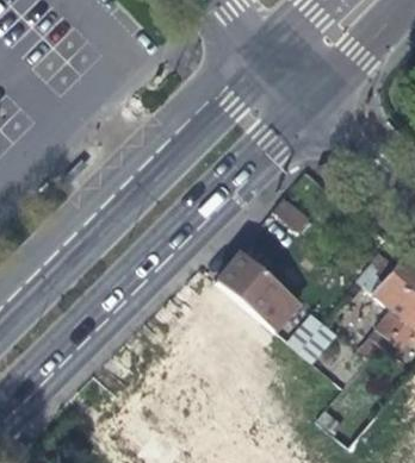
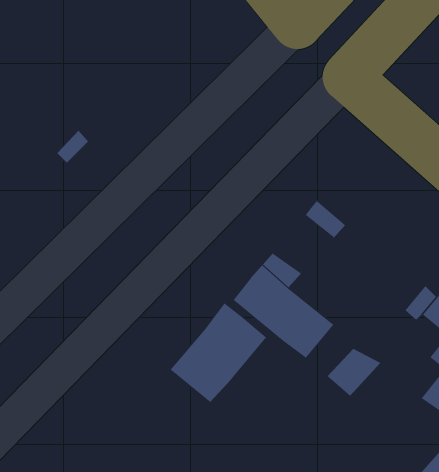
building: none -> [170,303,267,403]

